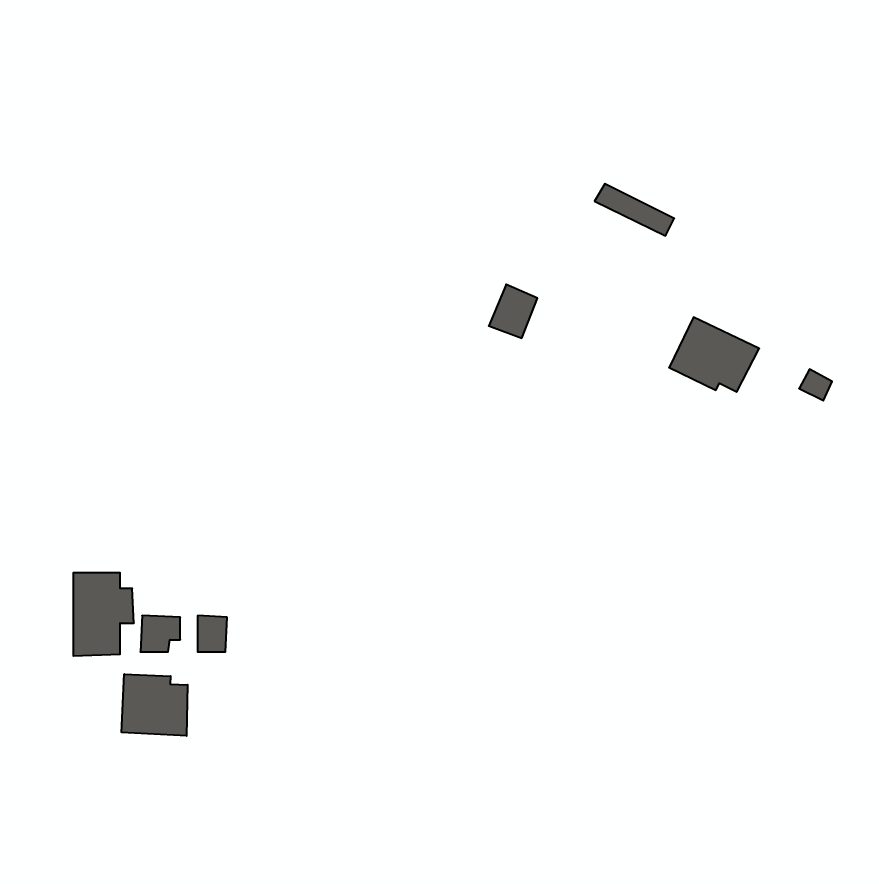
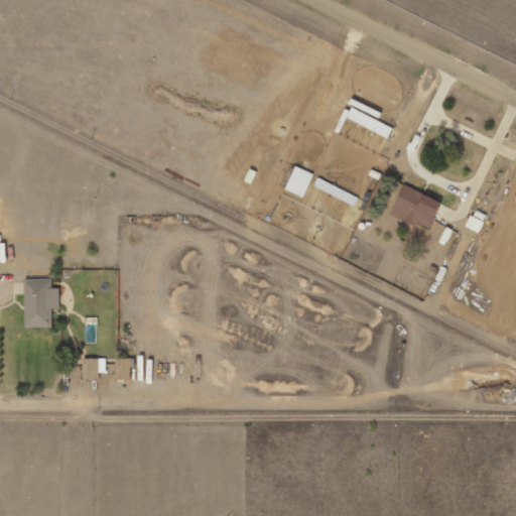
building: [73,573,134,656] -> [24,279,59,328]
building: [122,674,188,736] -> none

